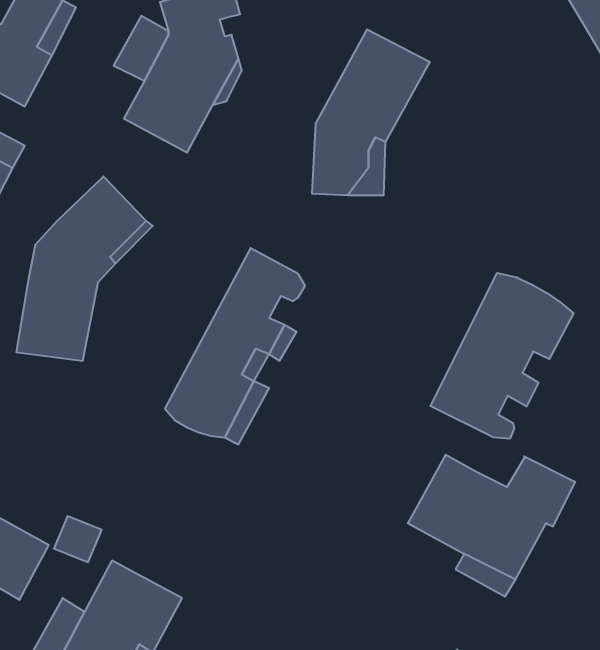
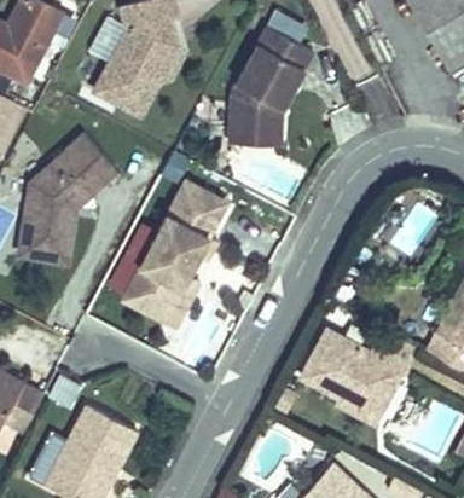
building: [430,273,573,439] -> none

